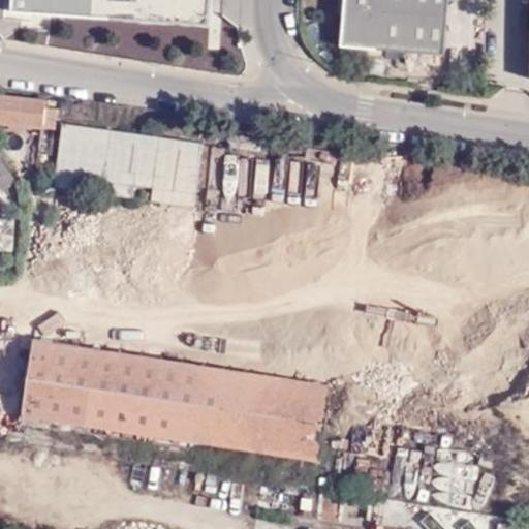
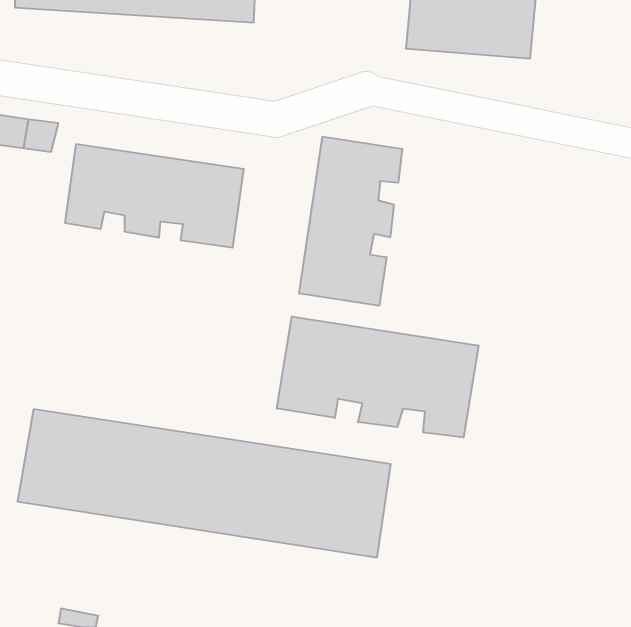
building: none -> [299,137,402,306]
building: none -> [277,316,478,438]

